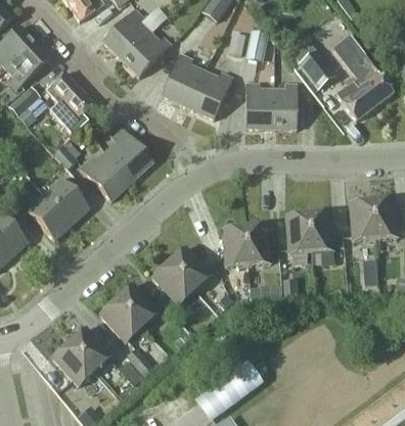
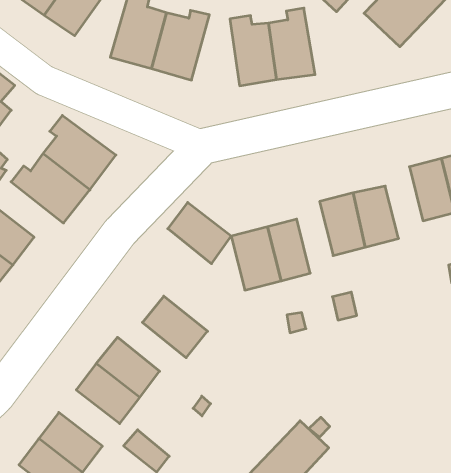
building: [170,245,212,289] -> [168,202,231,264]

